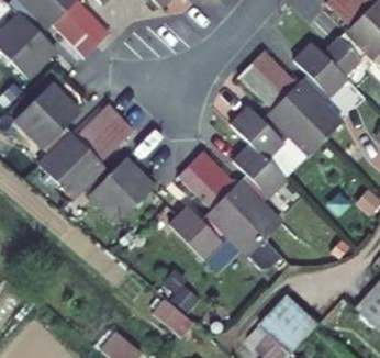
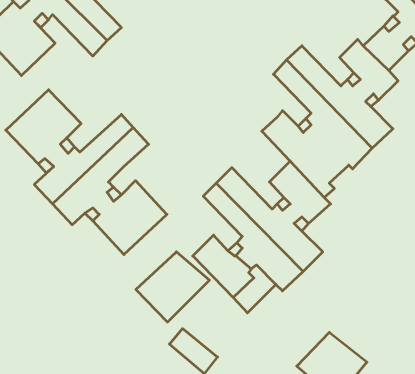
building: none -> [136,252,209,322]

